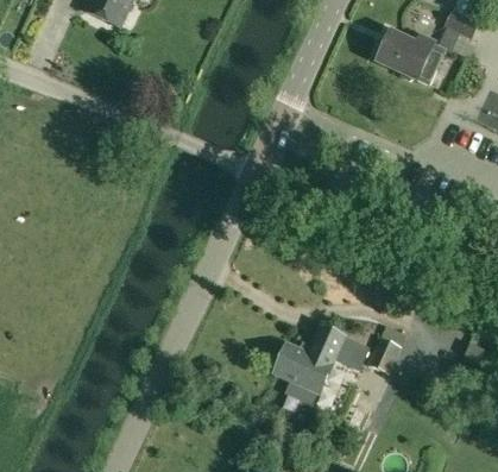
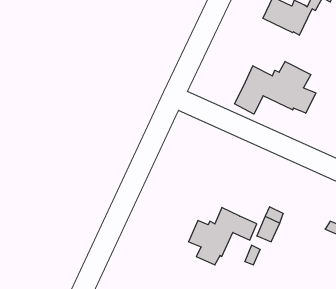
building: none -> [235,61,316,114]

